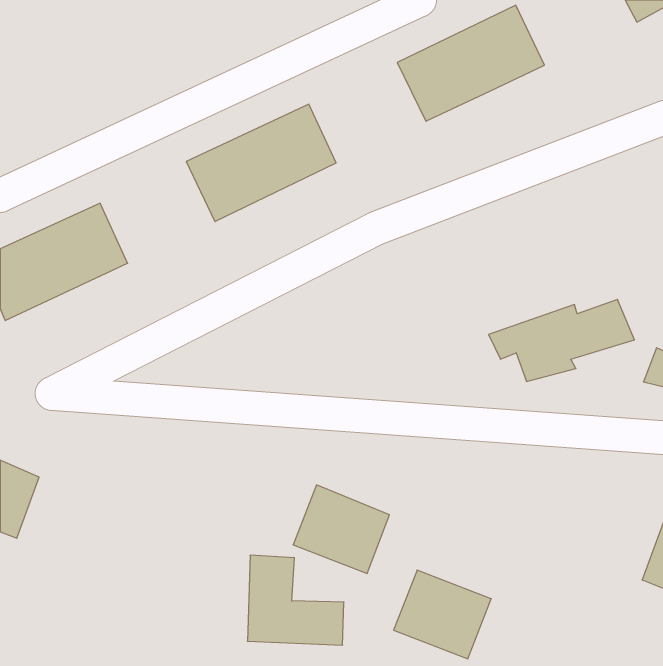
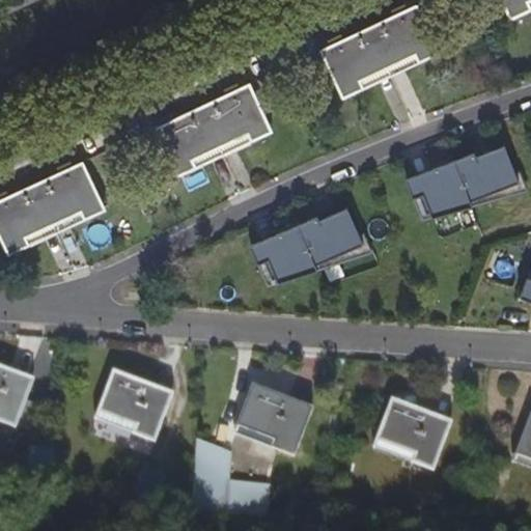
building: none -> [244,206,366,279]
building: [489,299,635,381] -> [398,147,514,213]
building: none -> [95,372,173,443]
building: [394,570,491,659] -> [373,400,451,471]

